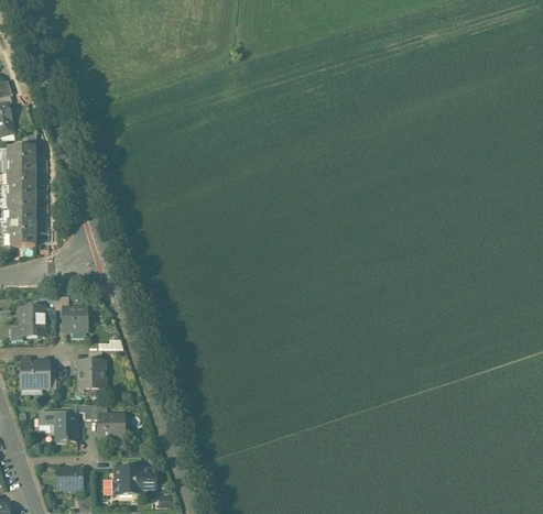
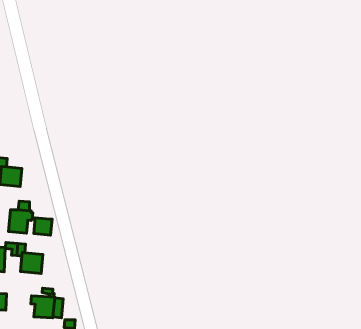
building: none -> [34,218,52,235]

